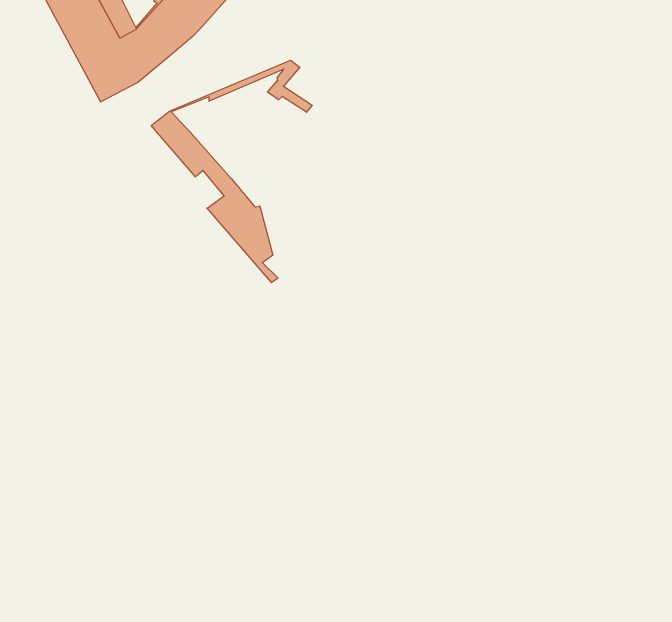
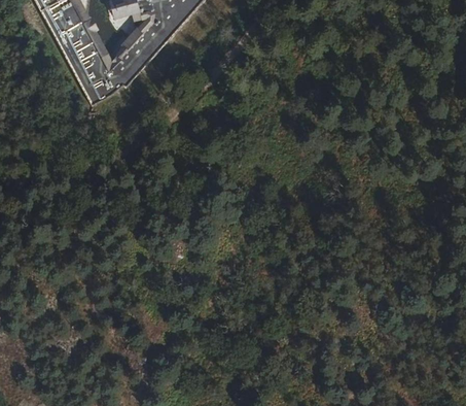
building: [151,60,312,283] -> none

